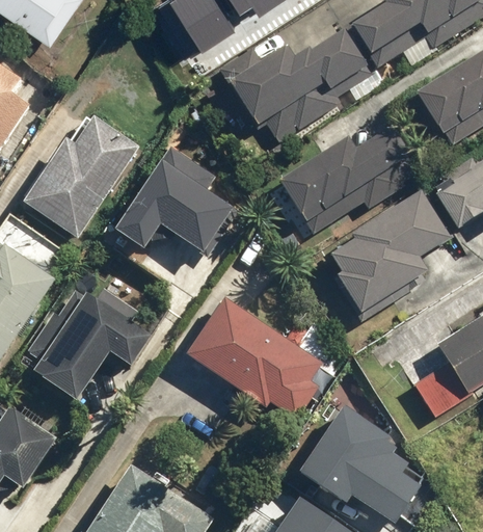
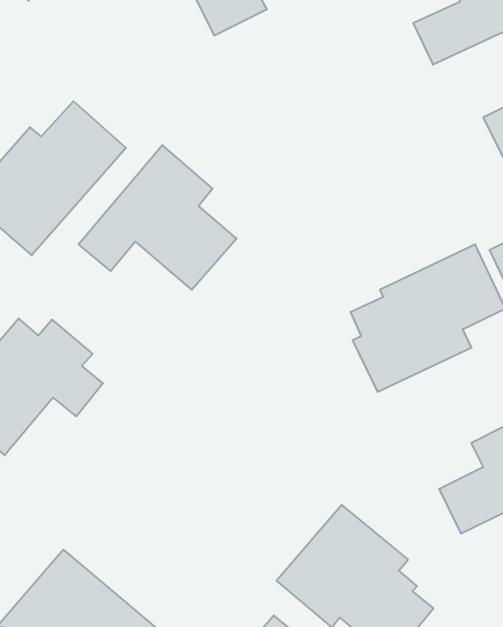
building: [222,30,370,143] -> none
building: [278,127,424,233] -> none
building: [185,297,322,421] -> none

